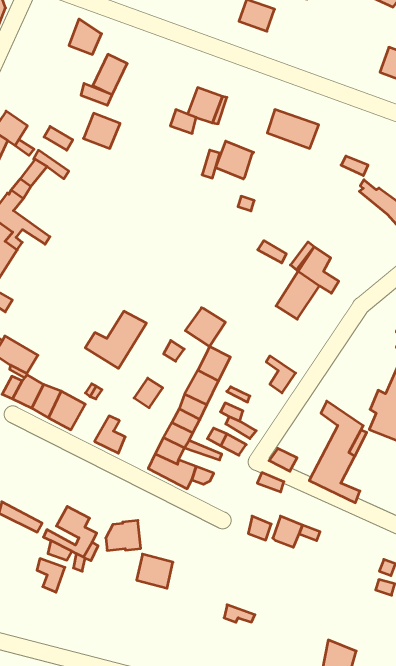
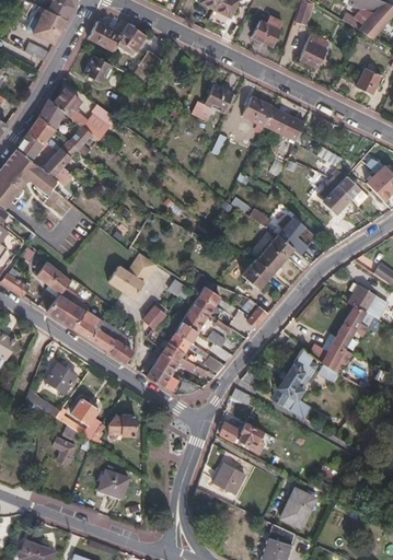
building: none -> [299,42,327,69]
building: none -> [89,22,123,51]
building: [83,113,120,148] -> [83,56,113,84]
building: [215,141,254,179] -> [243,96,274,127]
building: none -> [316,178,351,214]
building: [185,308,225,346] -> [242,259,274,290]
building: none -> [90,320,122,351]
building: none -> [46,364,76,396]
building: [137,554,173,588] -> [97,469,127,498]
building: none -> [212,463,244,494]
building: none -> [280,488,315,527]

